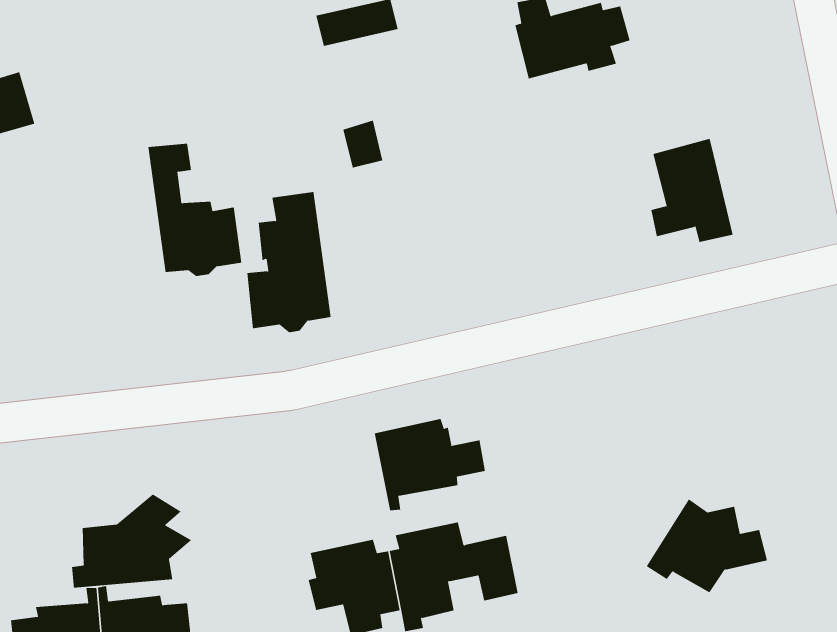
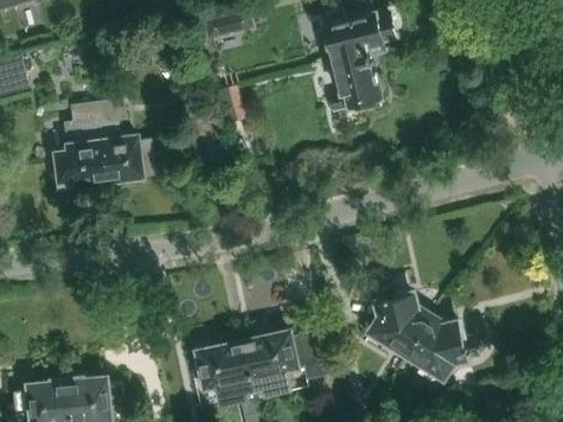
building: [650,138,734,243] -> [330,50,380,114]
building: [246,192,331,333] -> [56,101,108,187]
building: [374,418,485,511] -> none
building: none -> [369,286,429,358]
building: [71,494,192,588] -> none

